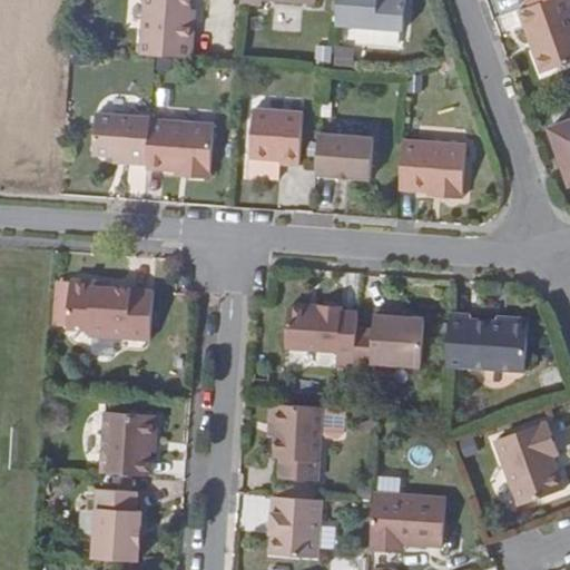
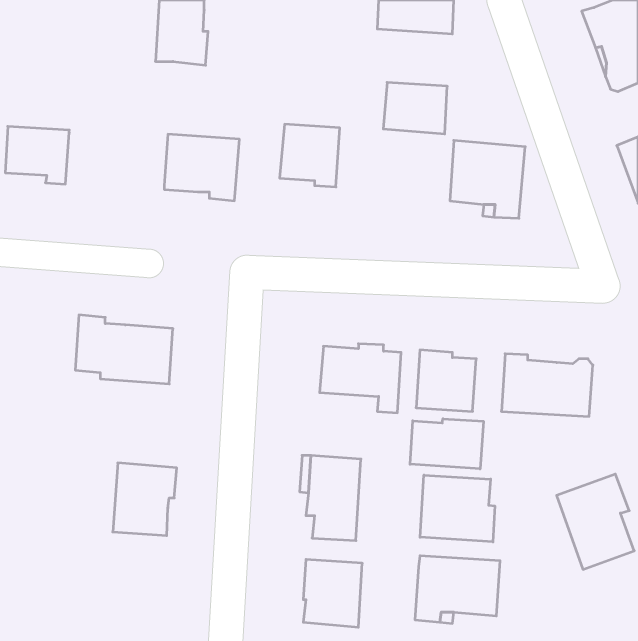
building: [92,114,149,165] -> [5,126,69,184]
building: [315,134,372,179] -> [383,82,447,134]
building: none -> [410,419,483,469]
building: none -> [420,475,495,542]
building: [92,489,140,561] -> none

